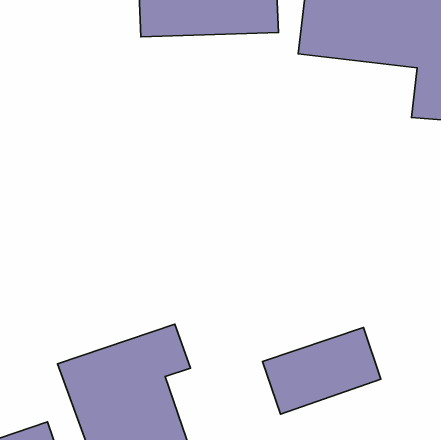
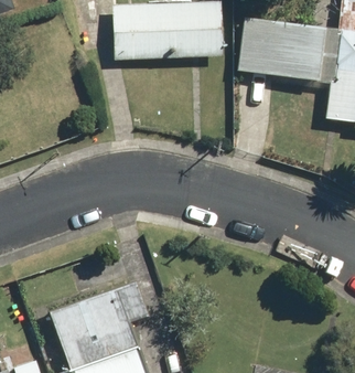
building: [263,327,381,414] -> none

